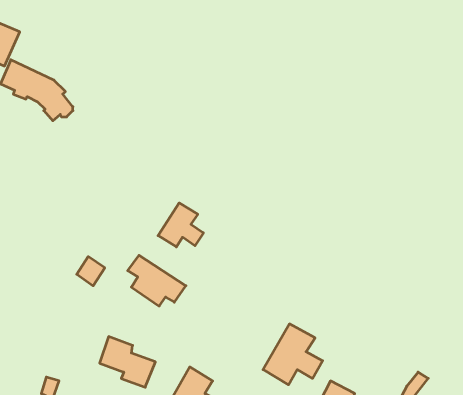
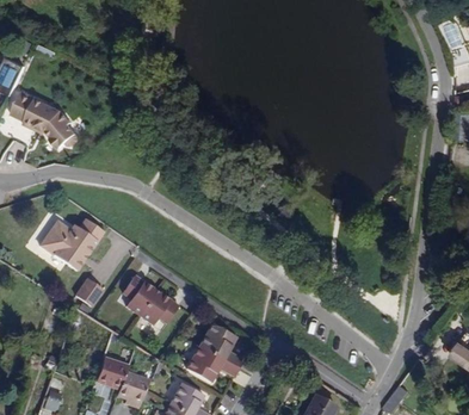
building: none -> [39,219,103,270]
building: [158,203,203,247] -> none
building: [263,324,323,385] -> [186,323,242,380]

